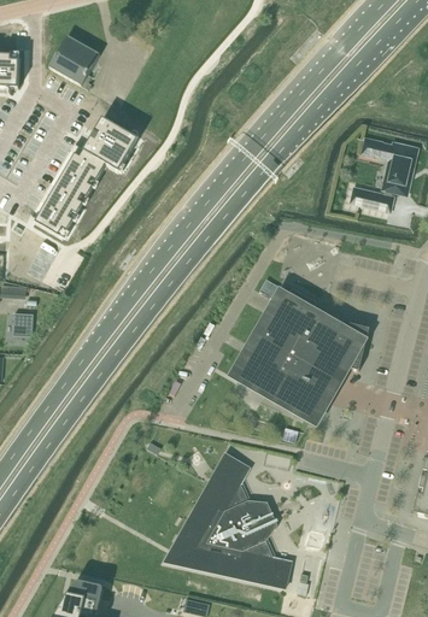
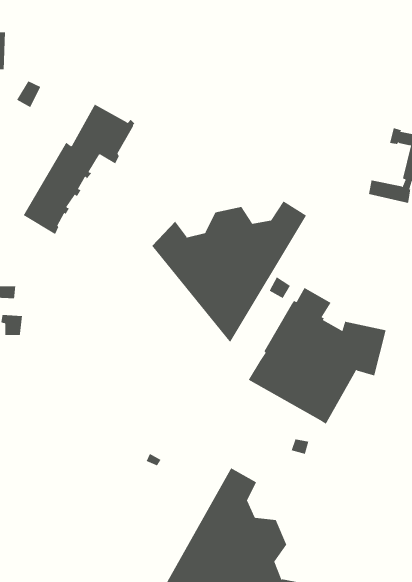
building: [49,36,99,87] -> none
building: none -> [152,201,307,343]

